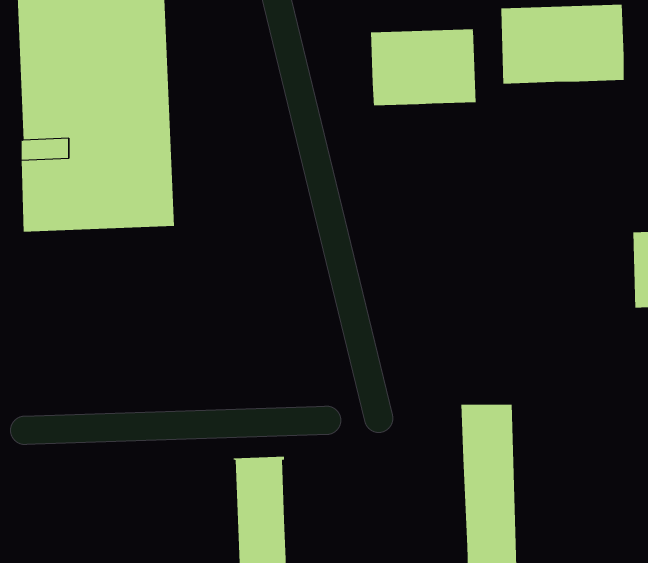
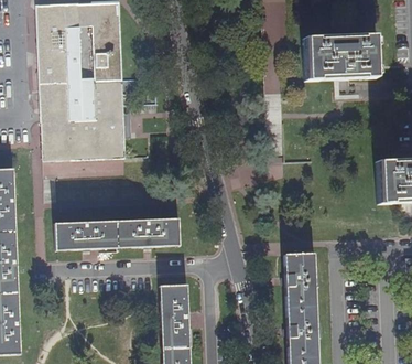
building: [371,29,476,106] -> none
building: none -> [55,216,181,250]

